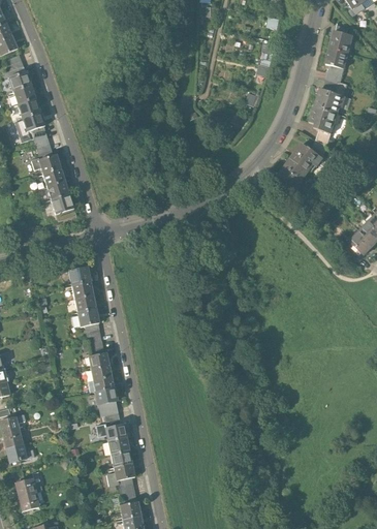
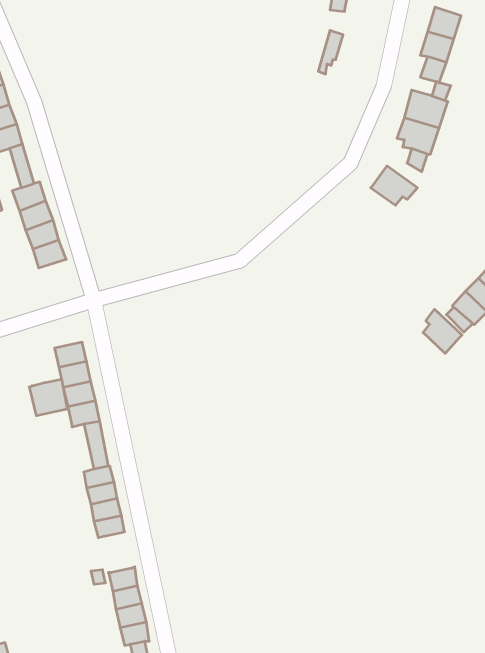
building: [278,155,308,185] -> none
building: none -> [423,309,462,353]
building: none -> [29,379,67,416]
building: [101,399,121,428] -> none

